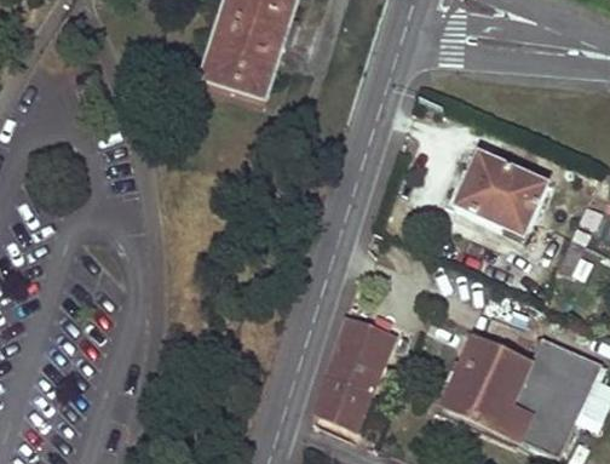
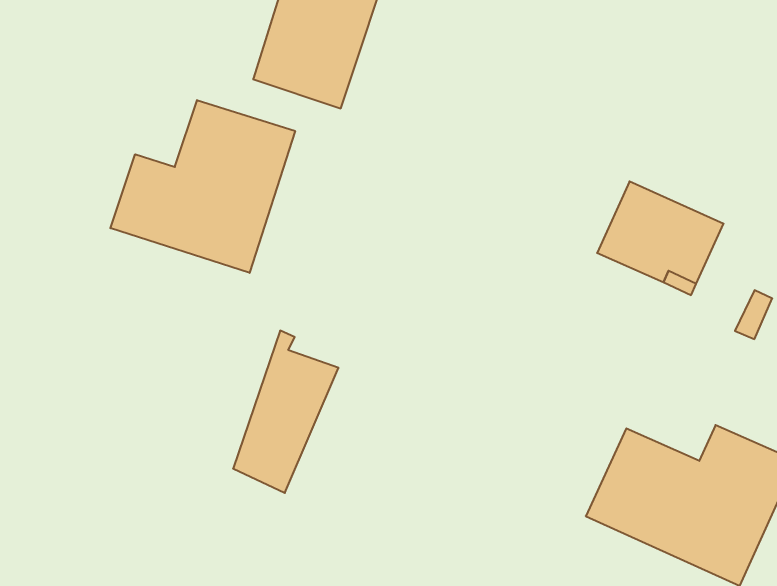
building: none -> [110,100,295,273]
building: [315,307,393,428] -> [233,331,339,493]

